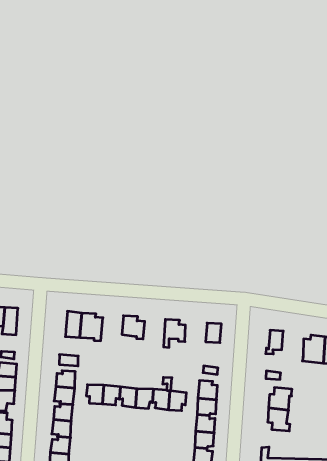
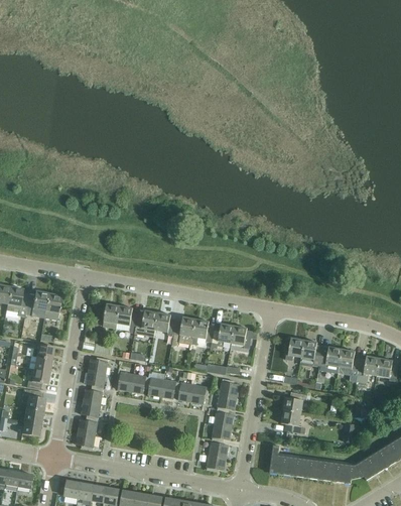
building: none -> [134,309,157,336]
building: none -> [171,317,195,345]
building: none -> [211,323,234,348]
building: none -> [300,340,321,365]

